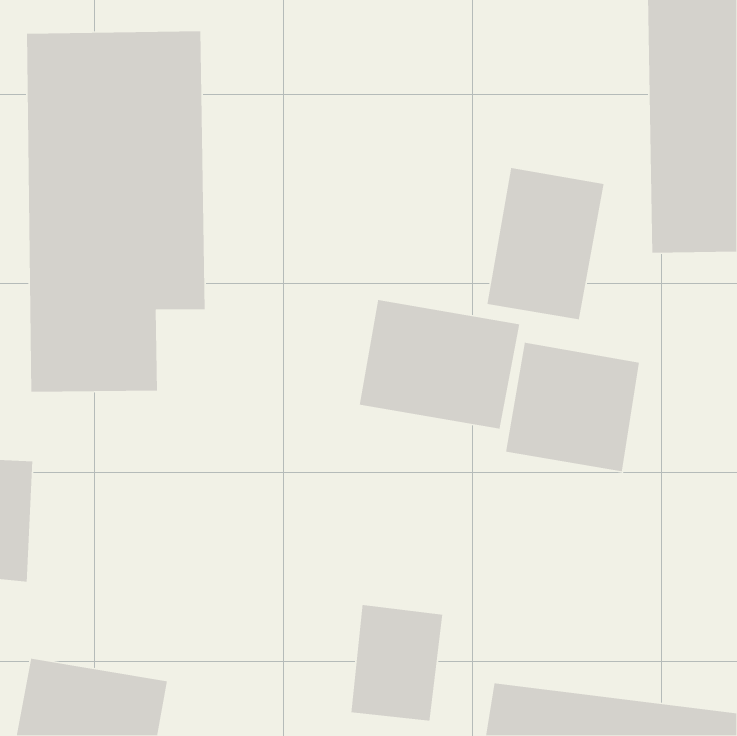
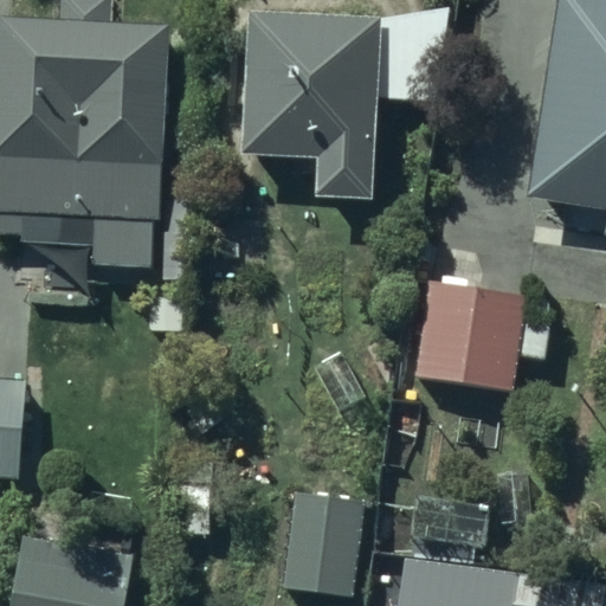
building: none -> [227,14,398,180]
building: [487,167,605,320] -> none
building: [359,299,520,429] -> none

